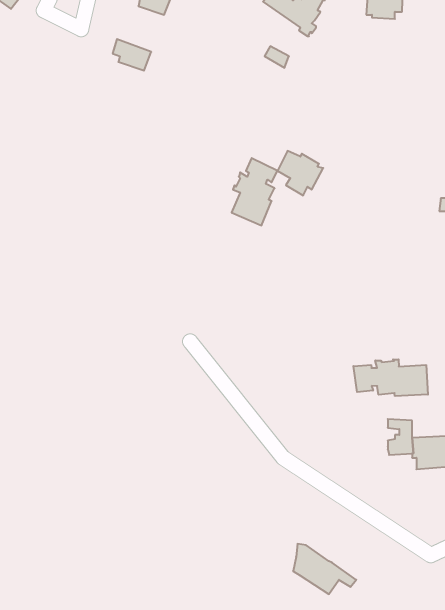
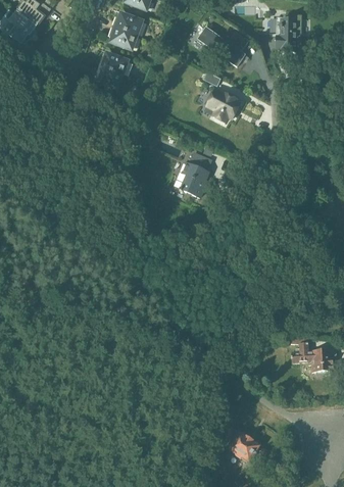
building: none -> [98,53,128,75]
building: [277,151,323,195] -> [207,90,240,121]
building: [353,359,428,396] -> none

